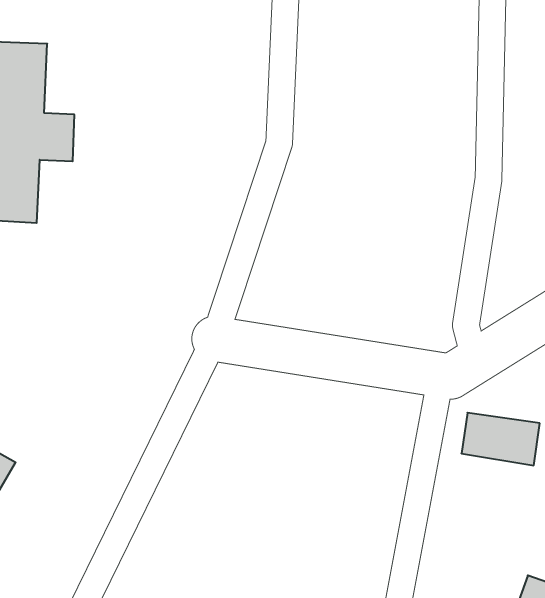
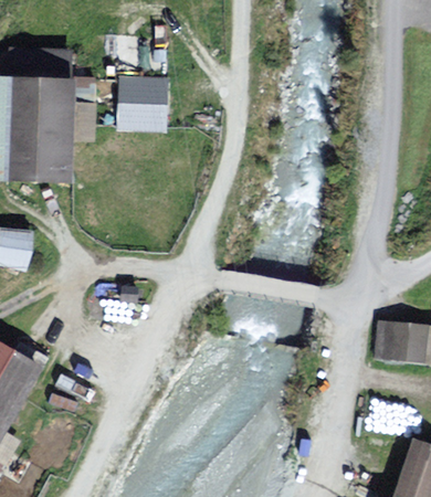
building: none -> [117,72,171,128]

